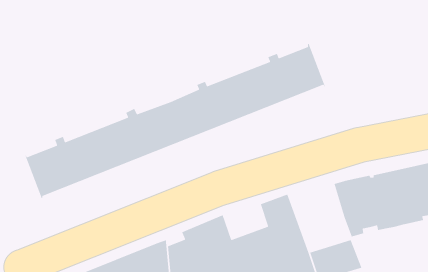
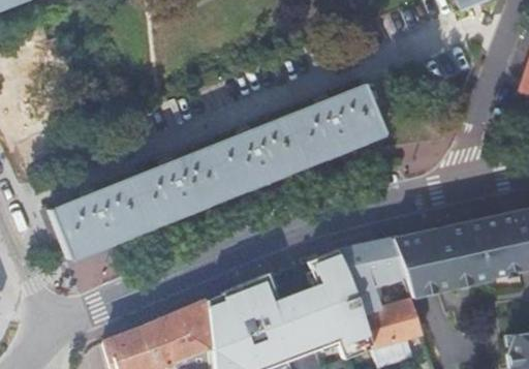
building: none -> [341,240,399,316]

